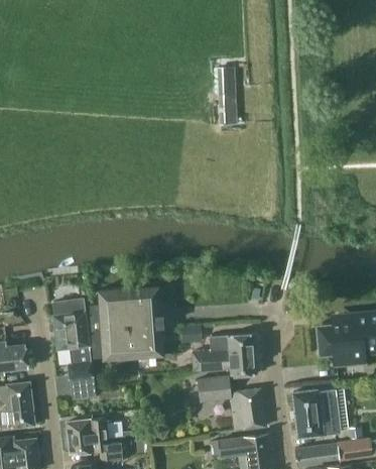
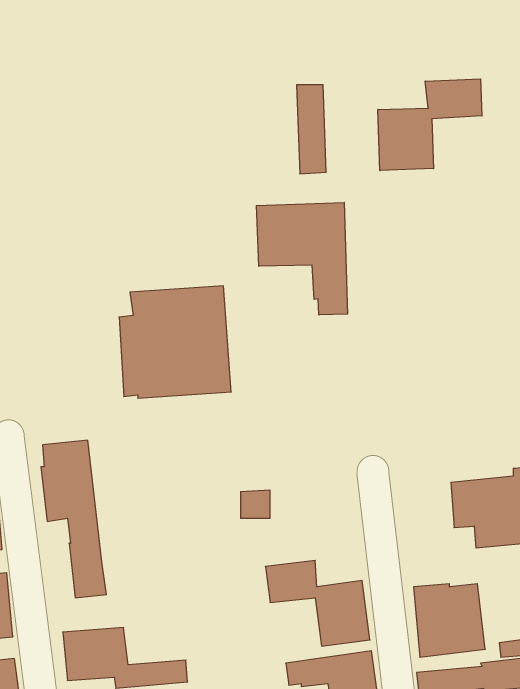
building: none -> [378,79,482,171]
building: none -> [256,202,347,315]
building: [91,286,163,359] -> [119,286,231,398]
building: [192,334,256,374] -> none

